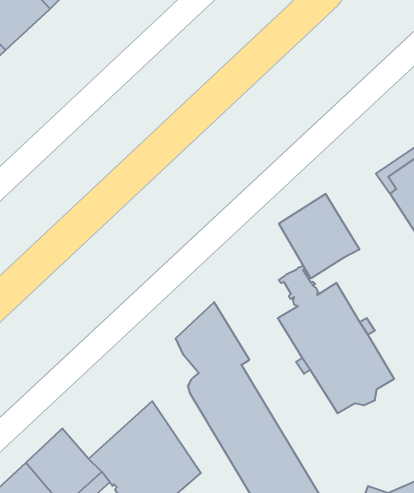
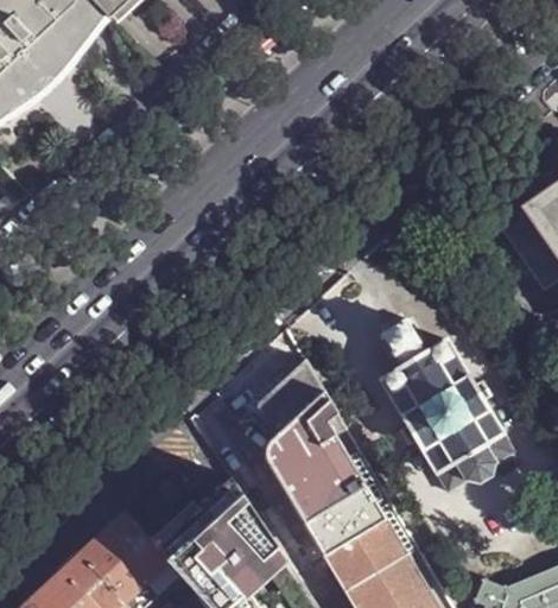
building: [279,194,359,278] -> none

